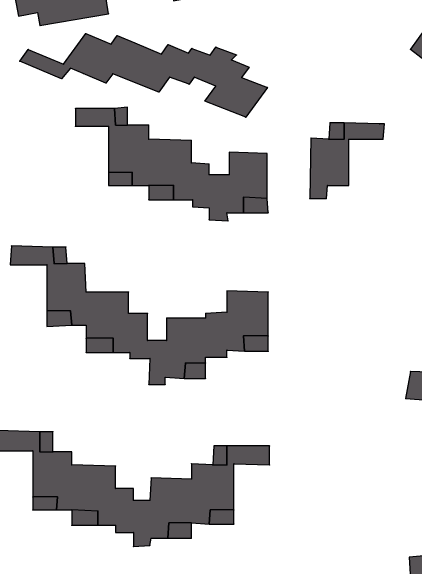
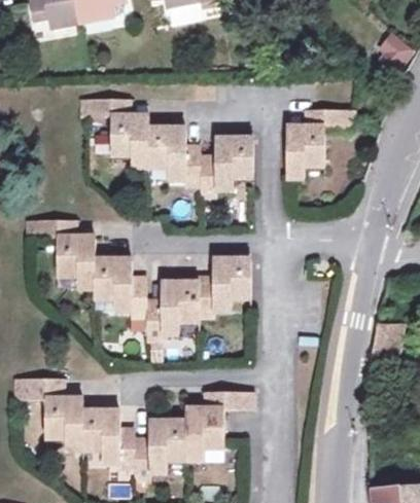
building: [20,34,267,117] -> none

